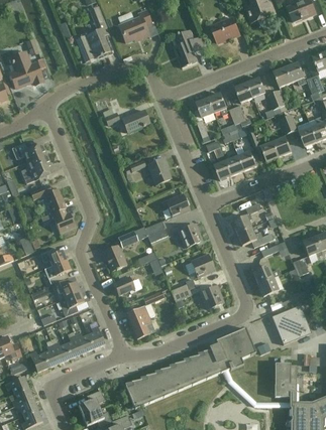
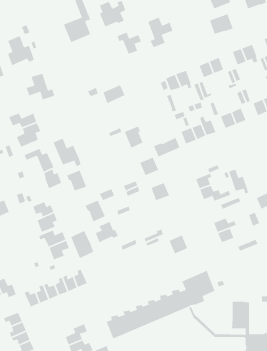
building: [211,17,240,42] -> [209,13,234,35]
building: none -> [117,31,142,55]
building: none -> [25,73,55,101]
building: none -> [153,137,180,158]
building: none -> [53,137,82,167]
building: none -> [228,168,249,194]
building: none -> [66,170,87,191]
building: [185,254,214,277] -> none
building: [126,304,154,338] -> [70,230,94,259]
building: [271,304,311,343] -> none

